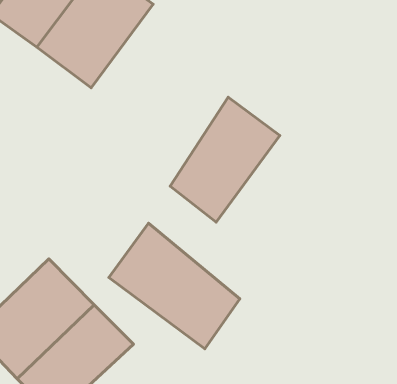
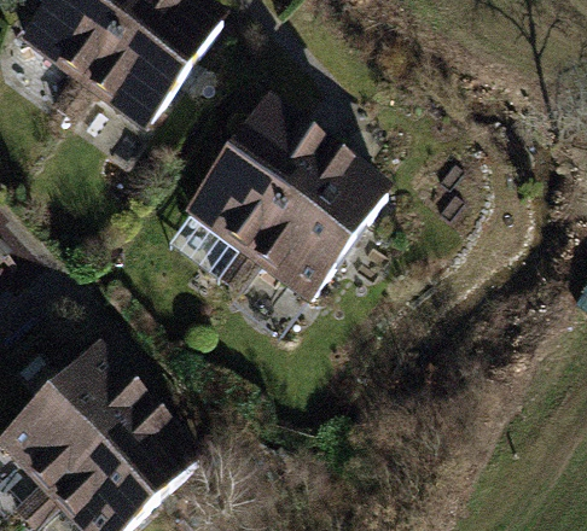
building: none -> [179,100,320,256]
building: [109,223,240,349] -> none

